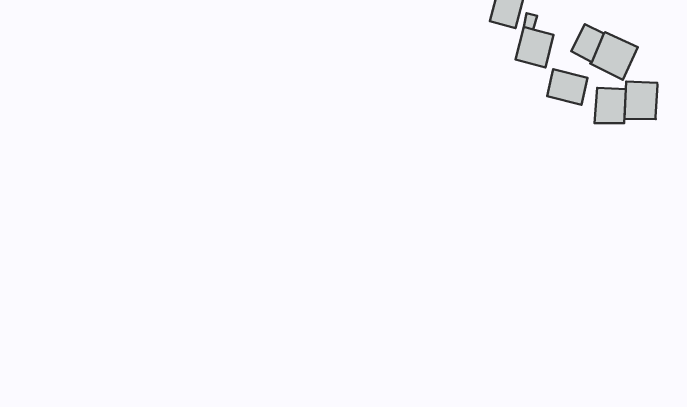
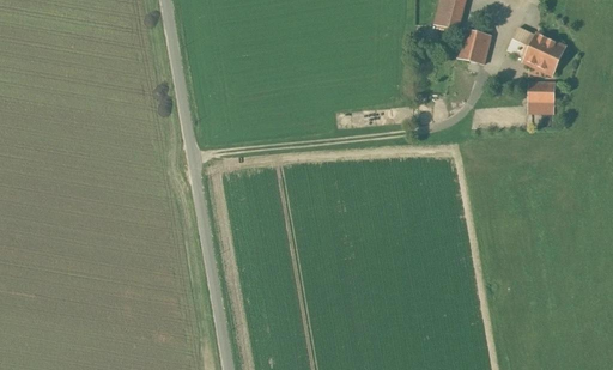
building: [547,69,587,105] -> none
building: [624,81,658,119] -> none

